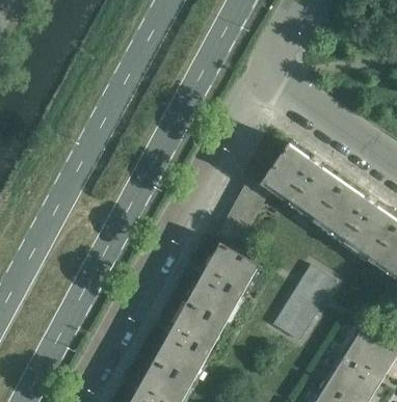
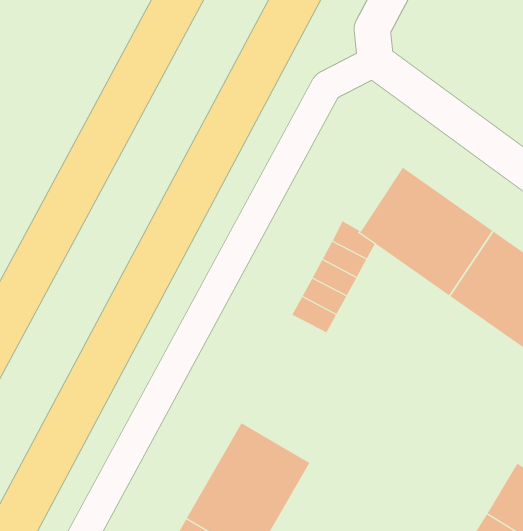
building: [187,243,262,325] -> none
building: [272,265,335,341] -> none

